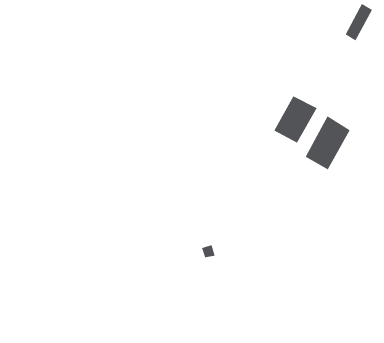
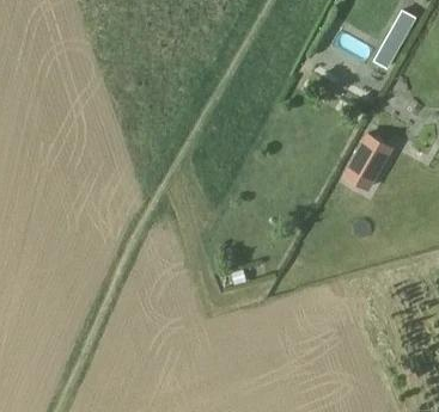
building: [274,96,318,144] -> none

